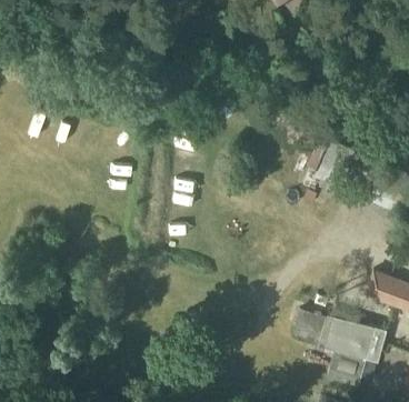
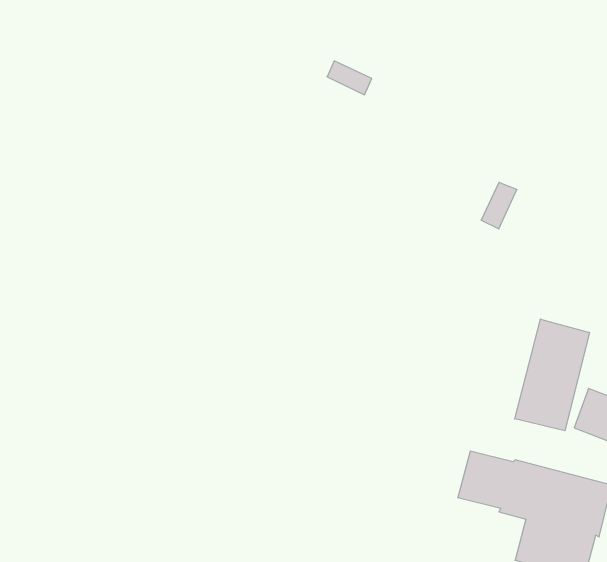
building: none -> [515,319,589,431]

